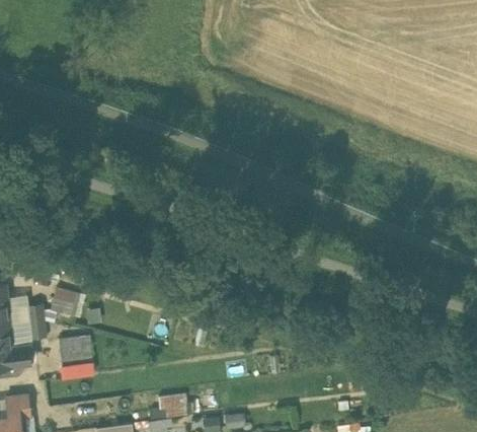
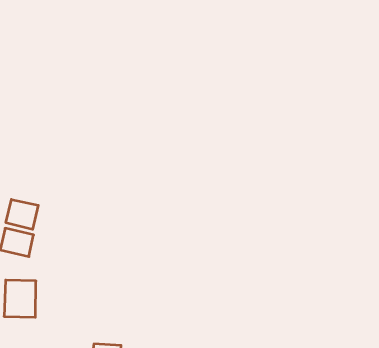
building: none -> [6,199,38,229]

